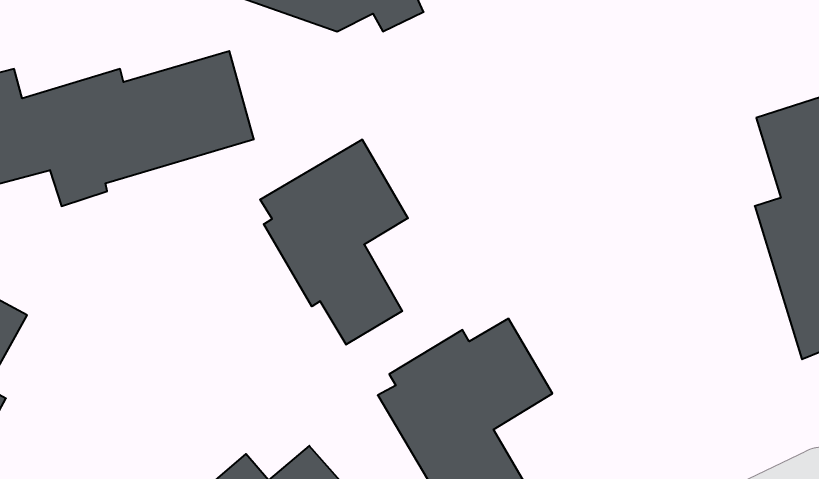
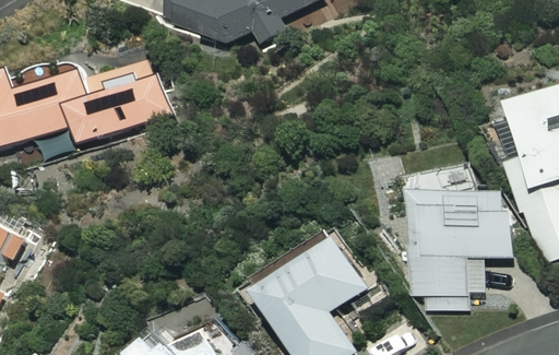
building: [260,139,408,345] -> none
building: none -> [405,175,514,310]

